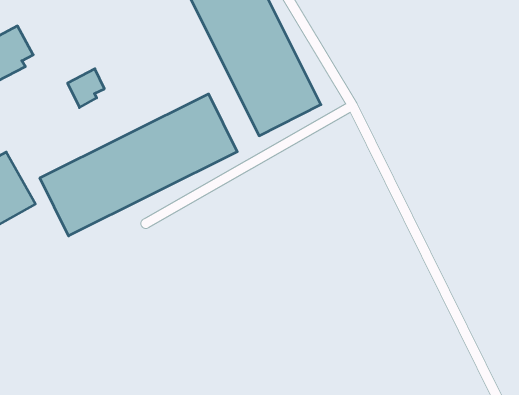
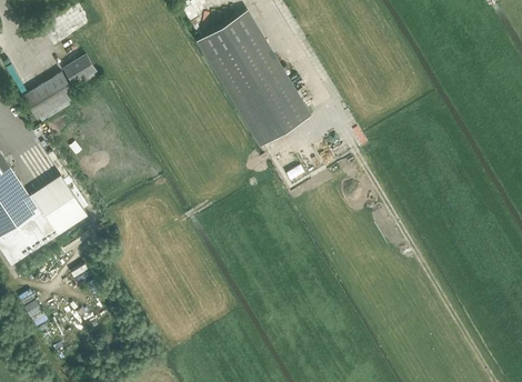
building: [68,69,104,108] -> [64,54,94,87]
building: [40,94,237,236] -> none

